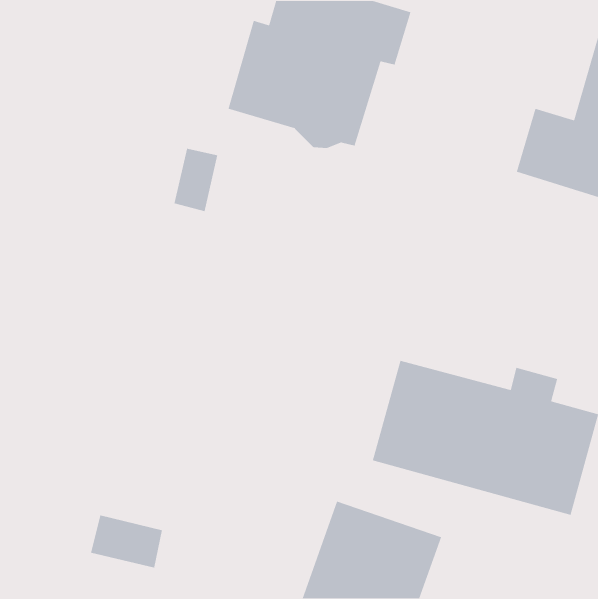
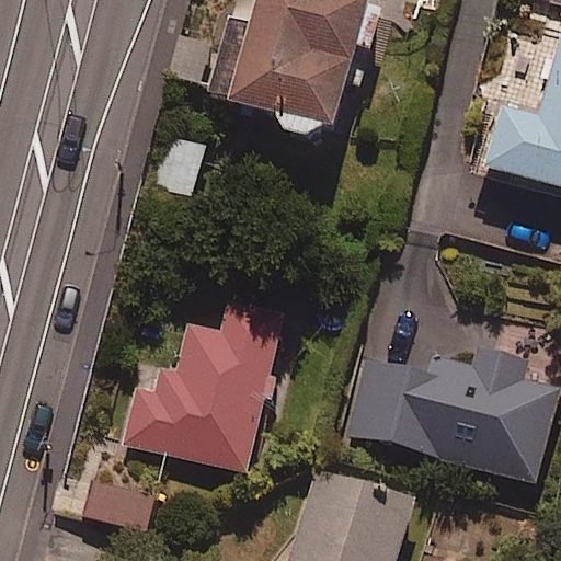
building: none -> [123,297,284,472]

